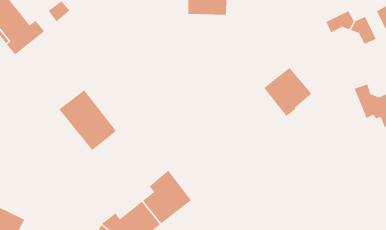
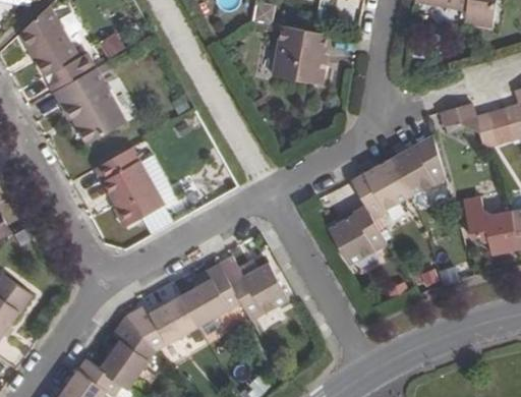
building: none -> [53,67,125,144]
building: none -> [388,134,446,196]
building: none -> [327,204,388,266]
building: none -> [219,254,289,321]

